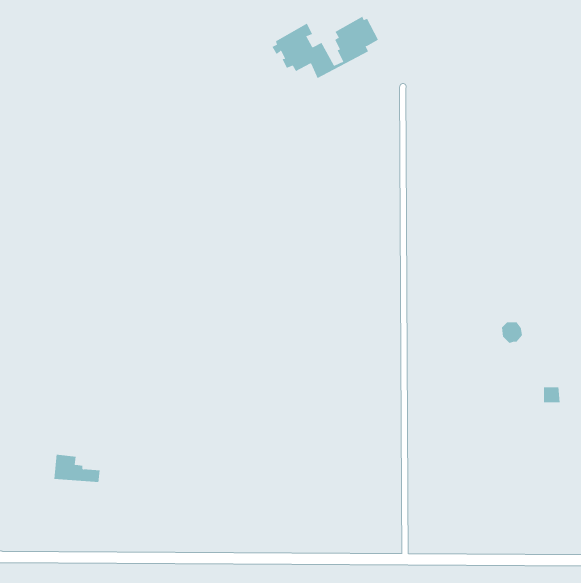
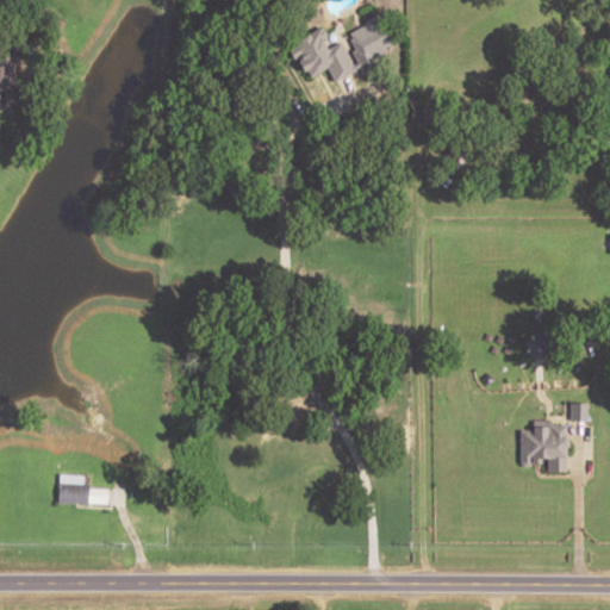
building: none -> [518,425,567,473]

